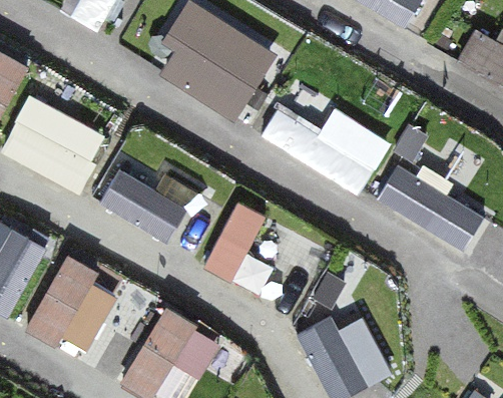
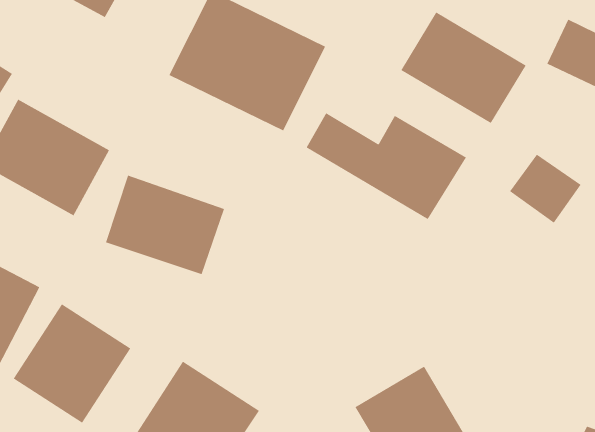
building: none -> [401,12,526,124]
building: [374,160,488,254] -> none
building: [200,200,266,291] -> none

